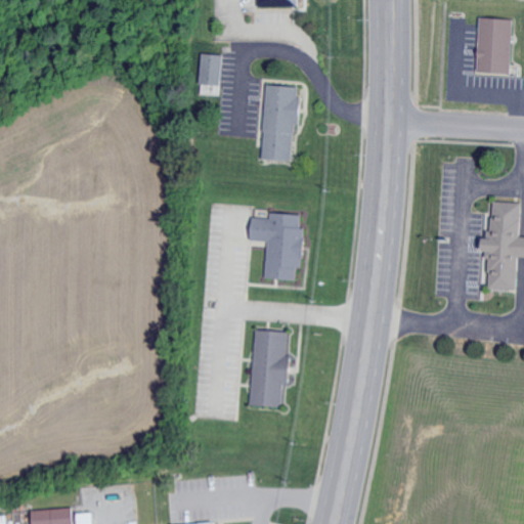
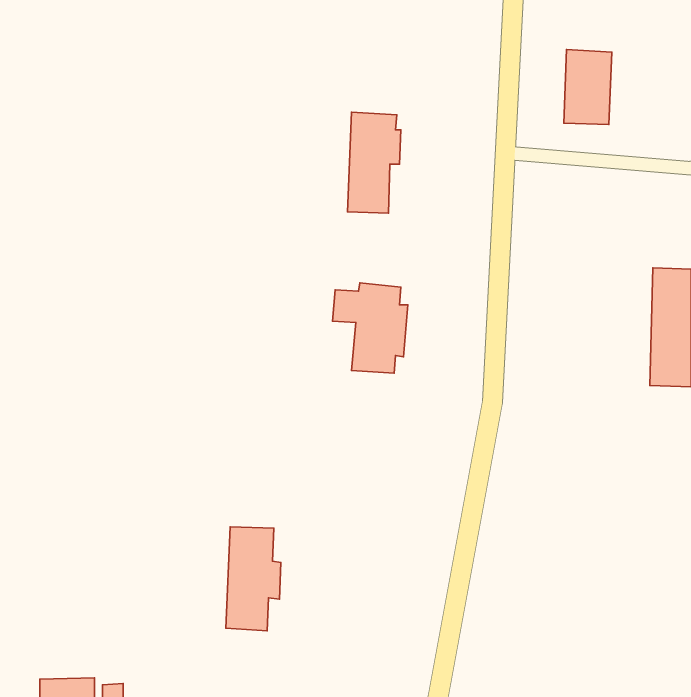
building: [476,17,512,74] -> [564,49,612,125]
building: [199,54,221,86] -> none
building: [251,331,292,408] -> [226,527,281,631]

